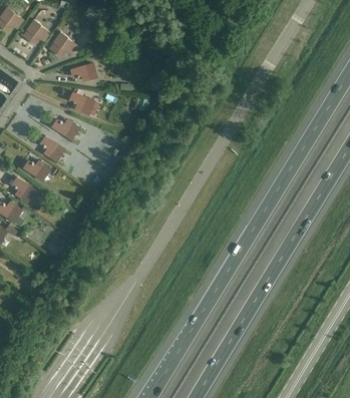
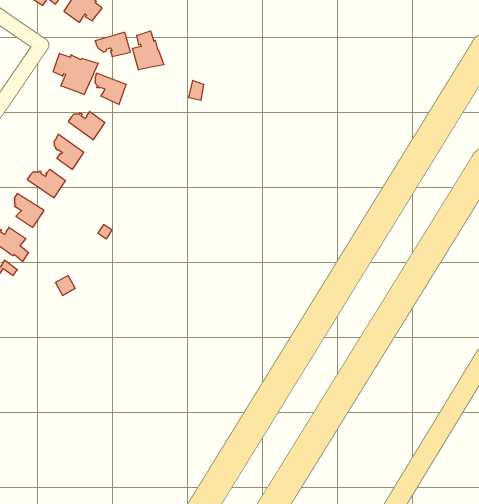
building: none -> [132,31,164,70]
building: none -> [53,53,98,95]

